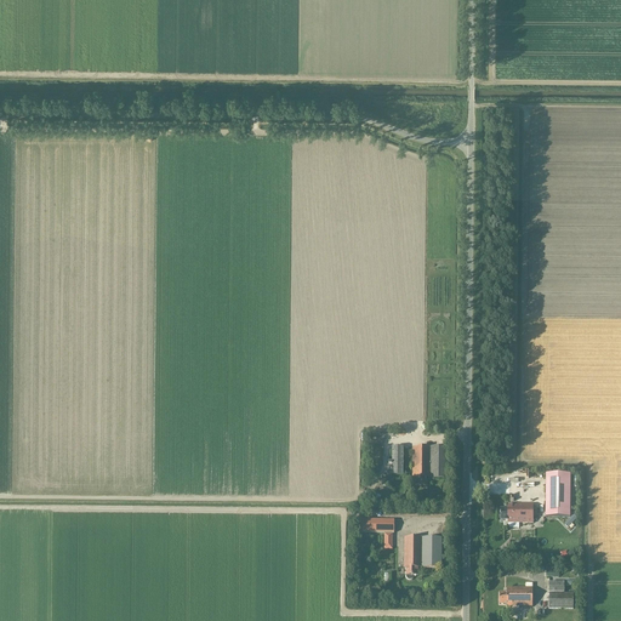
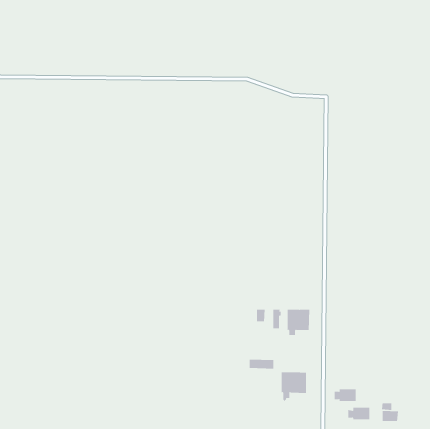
building: [546,472,570,514] -> none
building: [501,502,534,520] -> [334,389,357,401]

